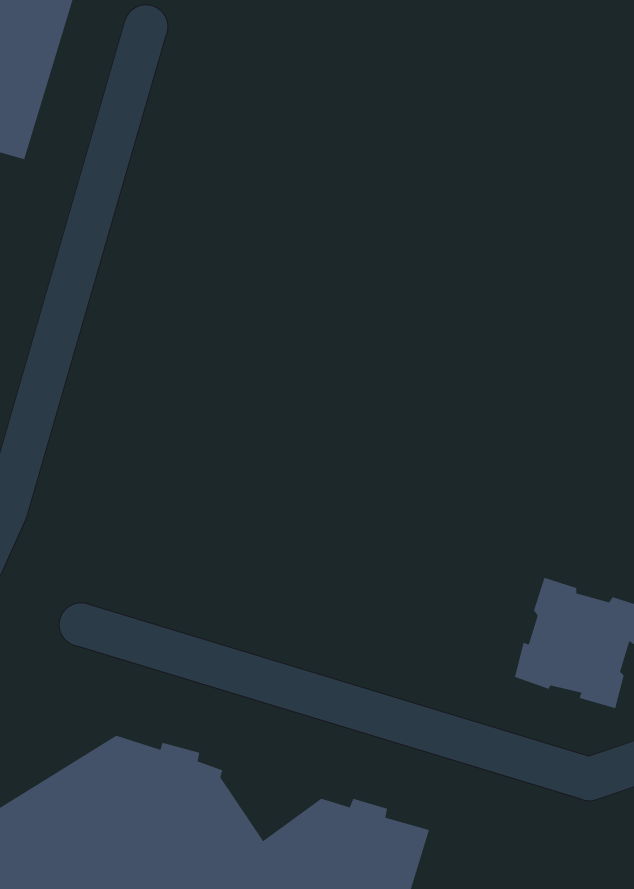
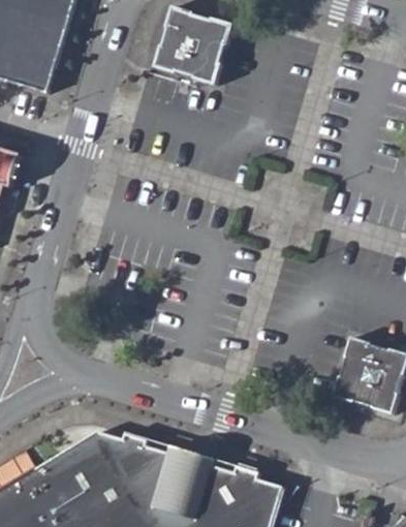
building: none -> [155,8,233,86]
building: none -> [159,455,218,496]

